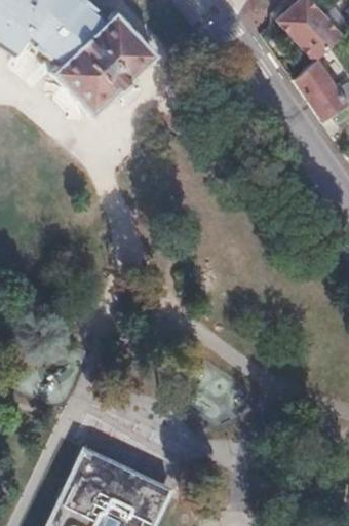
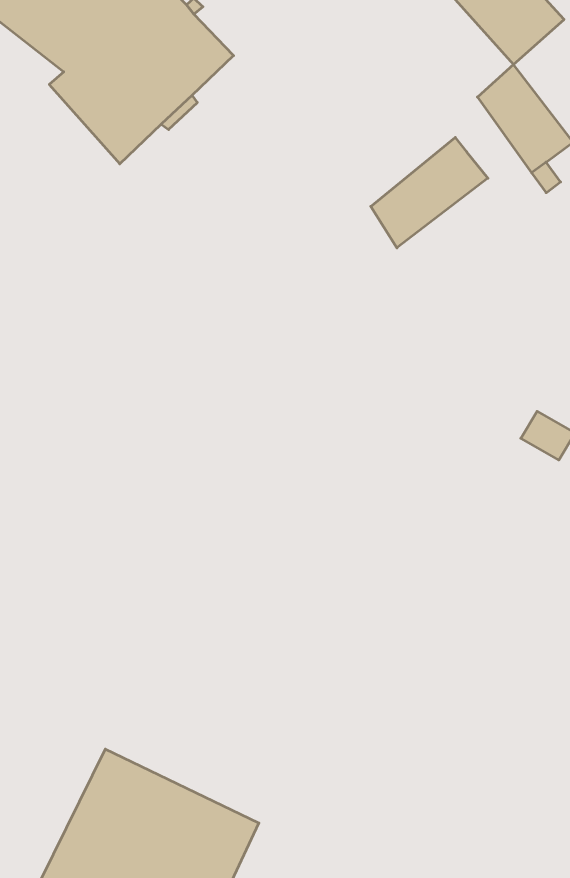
building: none -> [371,137,488,248]

